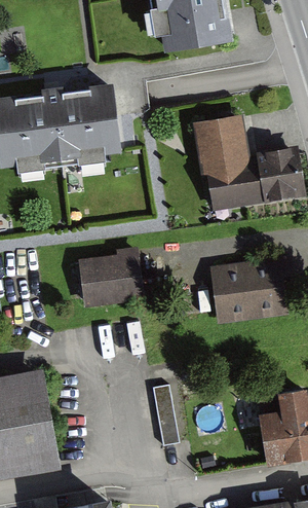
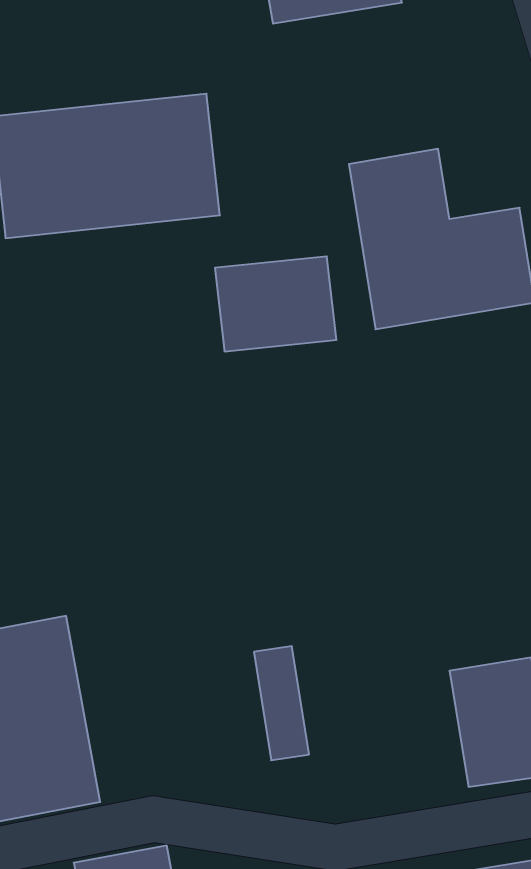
building: [80,255,146,306] -> [215,256,336,351]
building: [208,263,278,320] -> none

